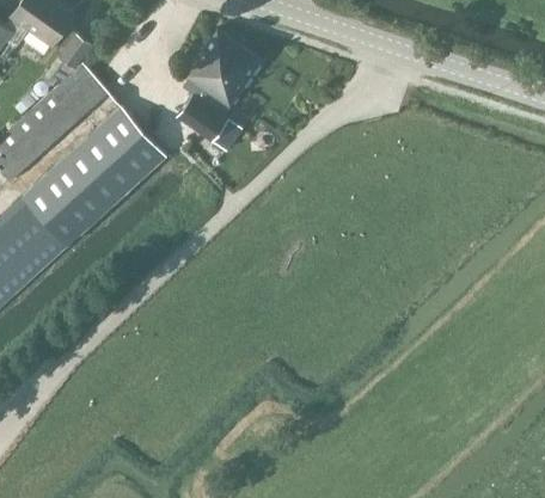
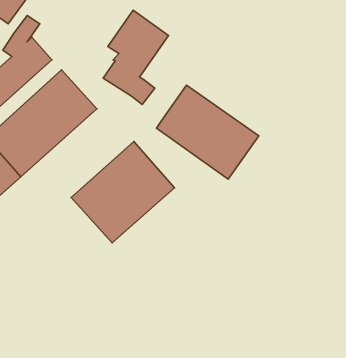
building: none -> [157,85,259,179]
building: none -> [71,142,175,243]

